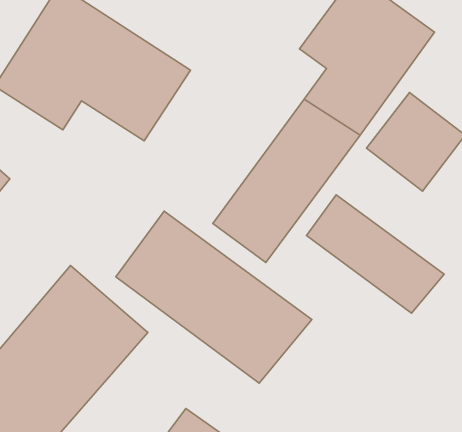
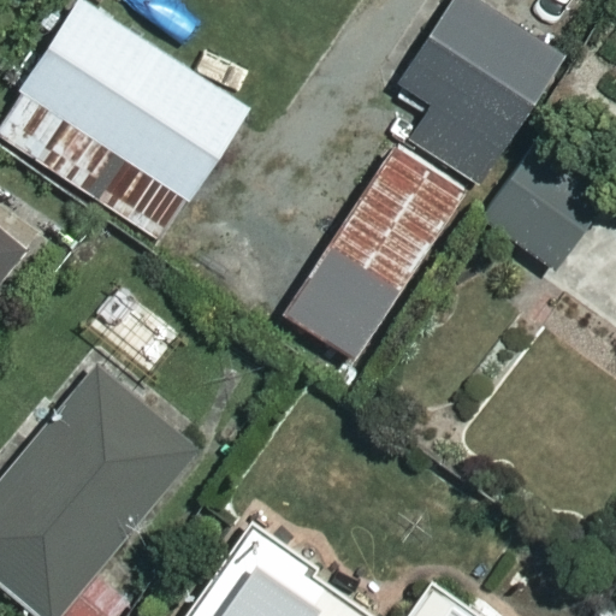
building: [306,195,444,313] -> none
building: [116,211,312,383] -> none

